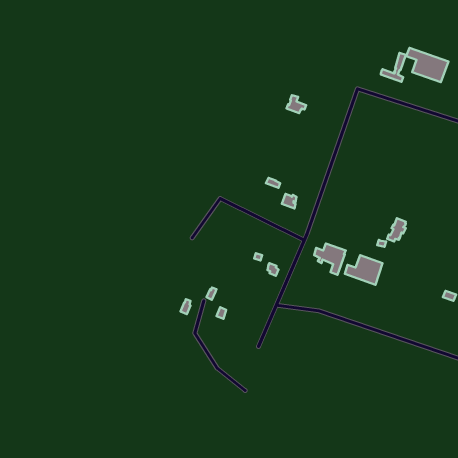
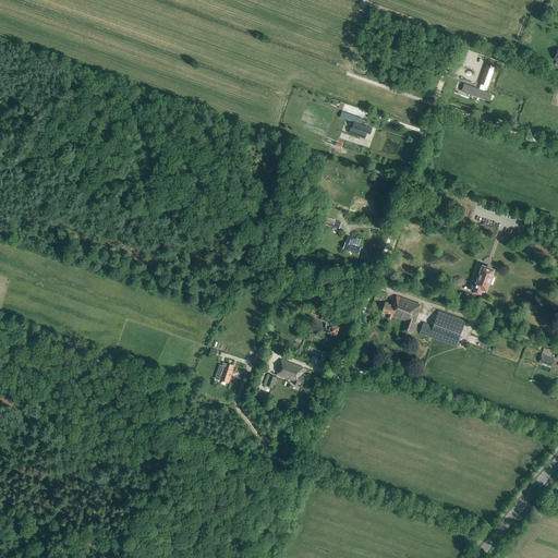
building: [406,48,449,82] -> none
building: none -> [275,359,307,385]

